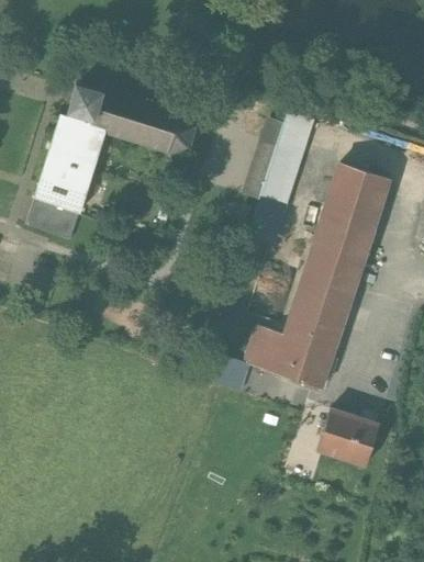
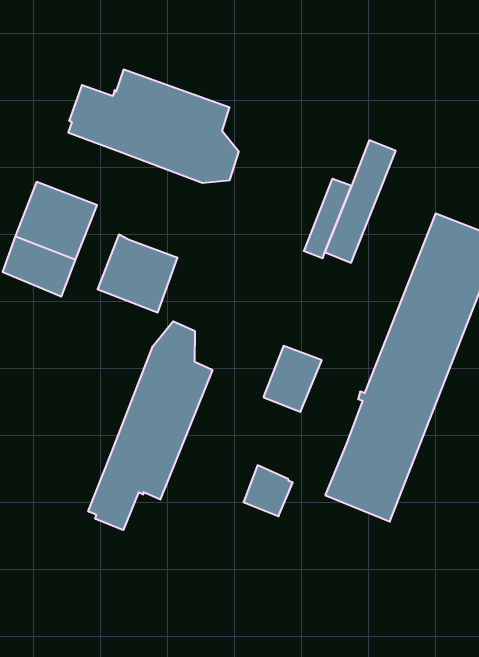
building: [48,116,105,171] -> [97,235,178,312]
building: none -> [88,321,212,530]
building: [245,325,286,372] -> [264,346,322,412]
building: [317,408,379,467] -> none

